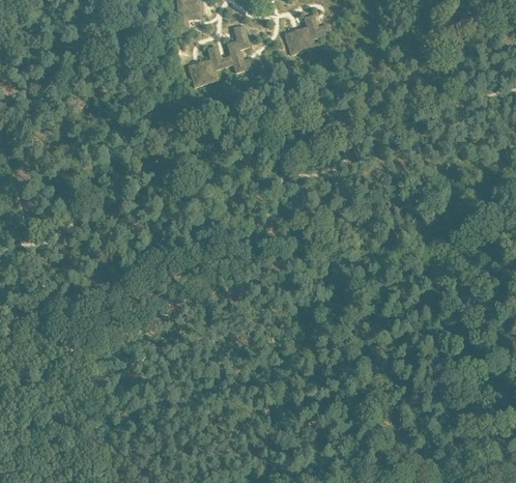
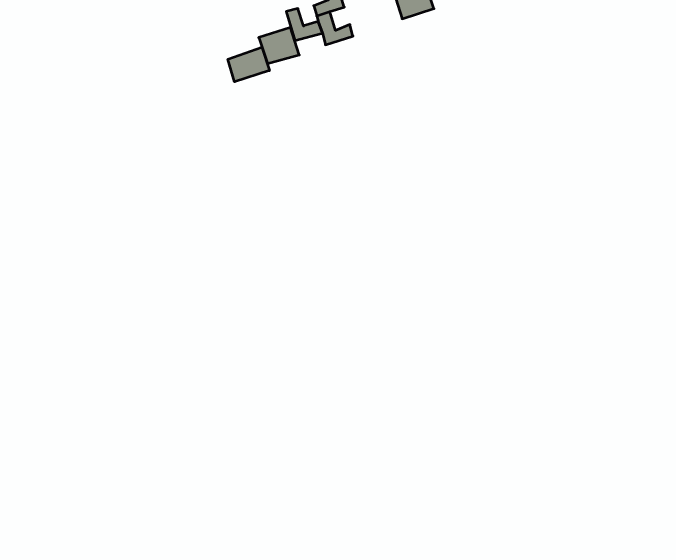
building: none -> [228,47,269,82]

